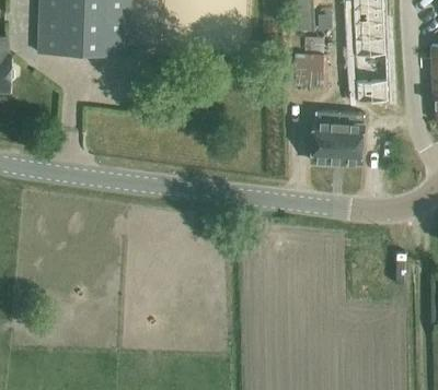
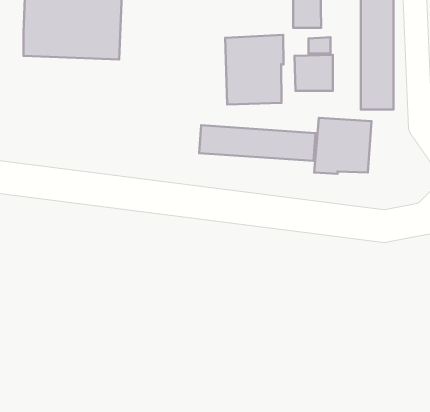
building: none -> [225,35,284,104]
building: none -> [199,125,315,161]

